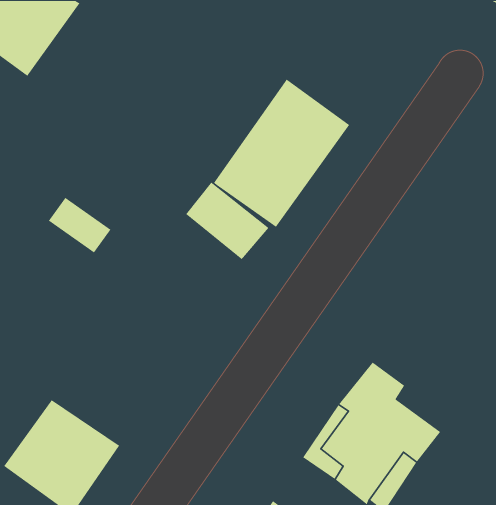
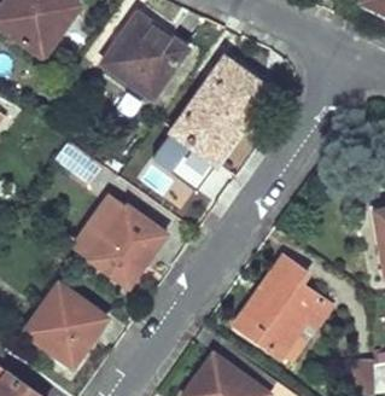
building: none -> [101,12,186,95]
building: none -> [74,202,165,285]

